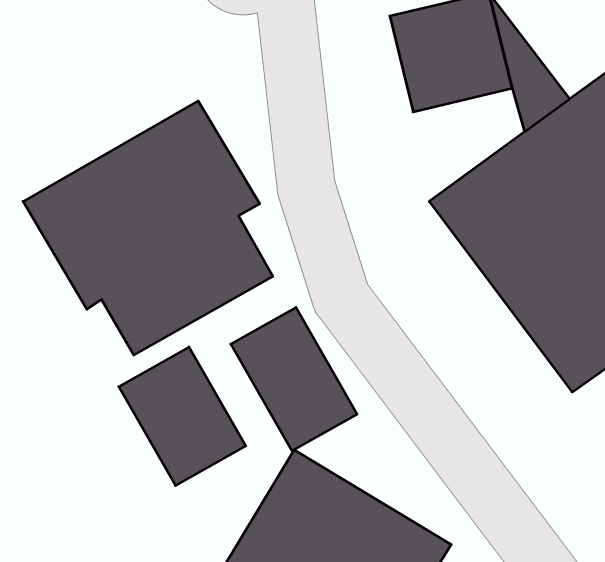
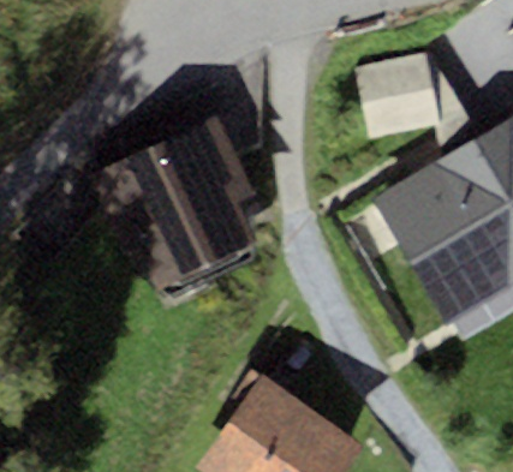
building: [231,307,357,451] -> none
building: [119,347,246,486] -> none

